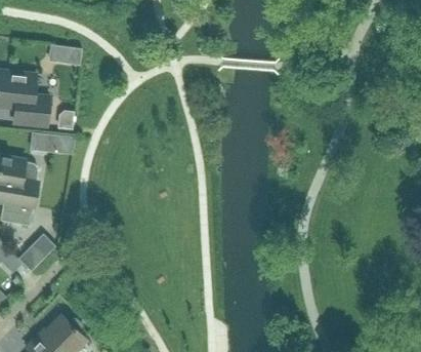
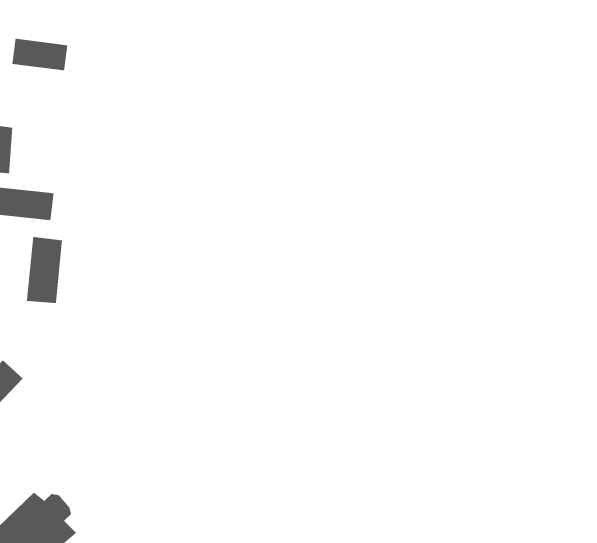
building: none -> [26,236,62,304]

